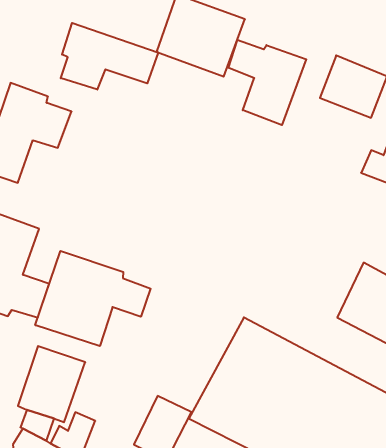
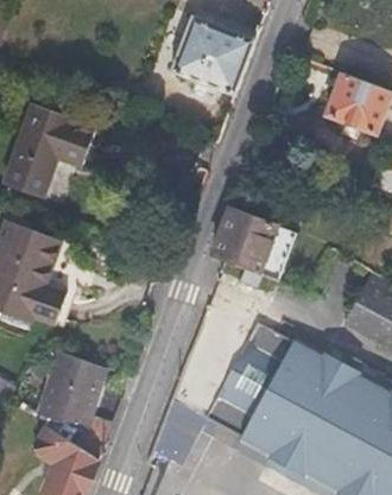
building: [61,23,158,90] -> none
building: [228,40,306,125] -> none
building: none -> [213,210,296,280]
building: [35,251,151,346] -> none

